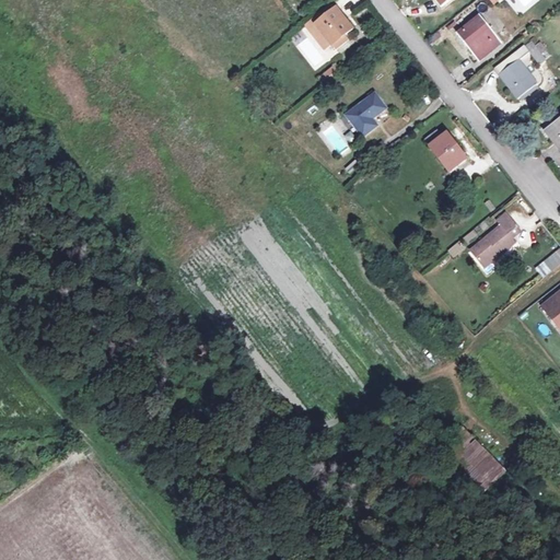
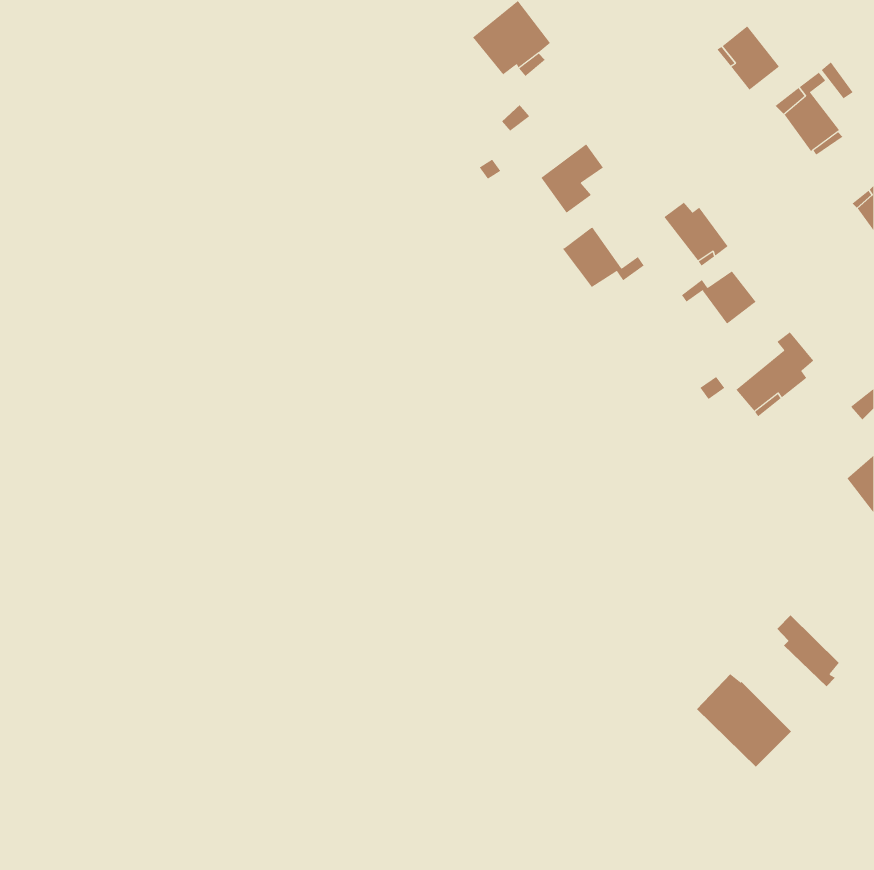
building: none -> [562,227,644,288]
building: none -> [681,271,757,324]
building: none -> [776,615,839,687]

